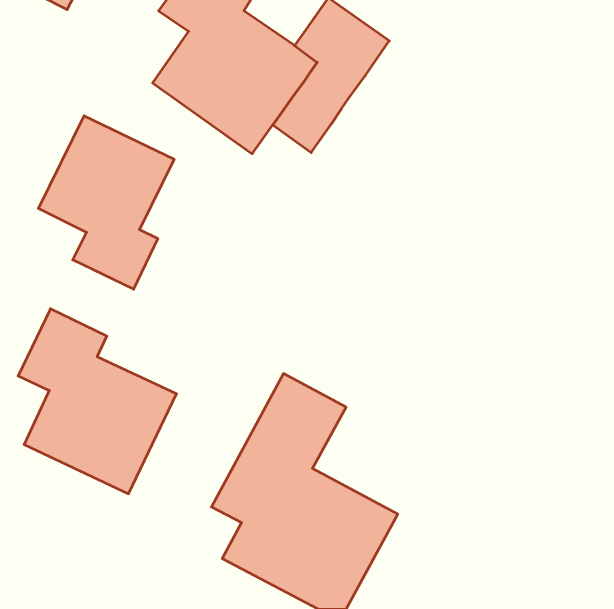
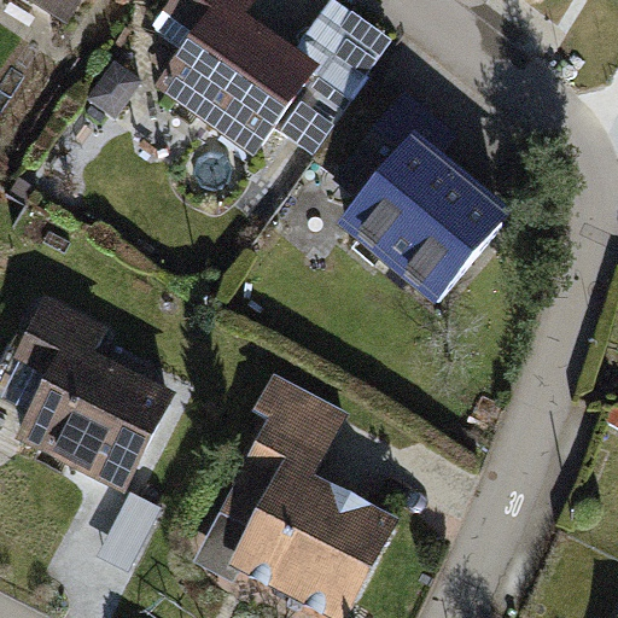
building: none -> [327,88,508,308]
building: [38,116,174,289] -> none

